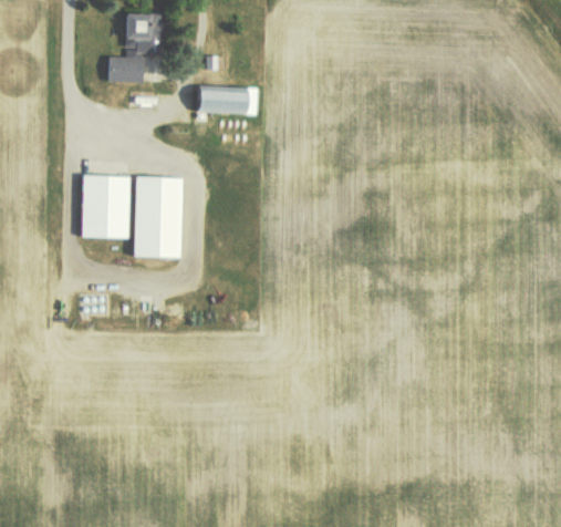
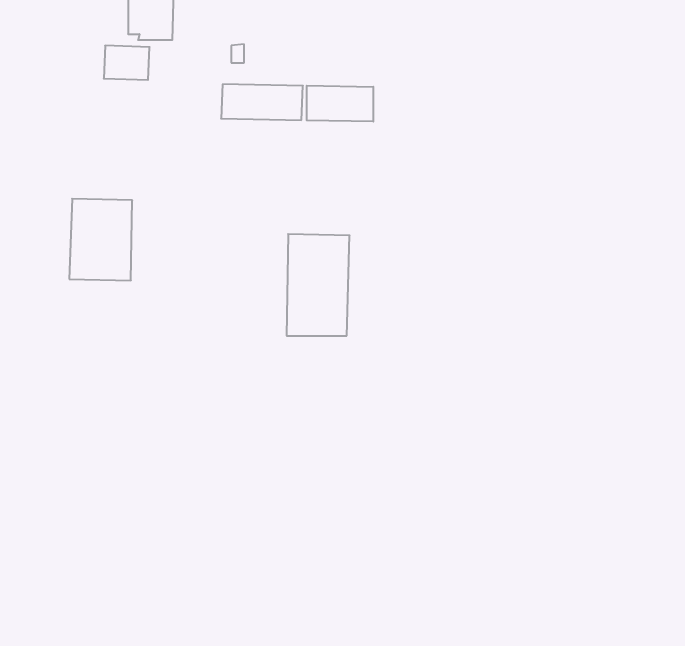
building: none -> [307,86,373,122]
building: [134,176,183,255] -> [287,234,350,336]

